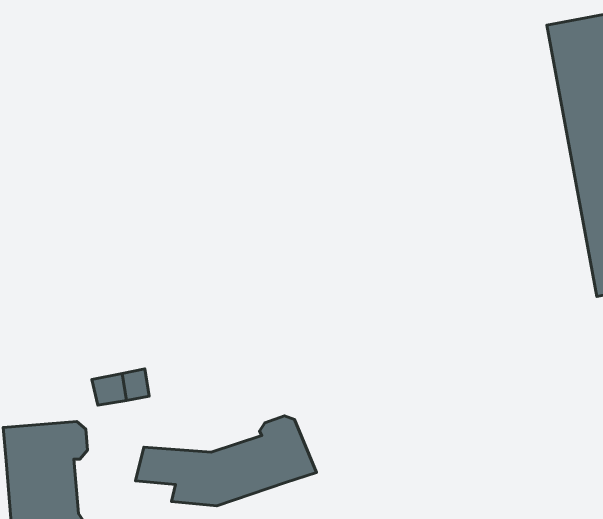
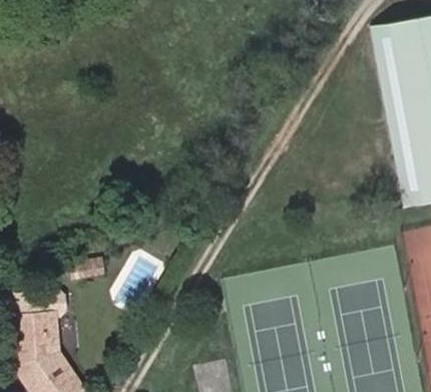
building: [136,416,316,506] -> none

